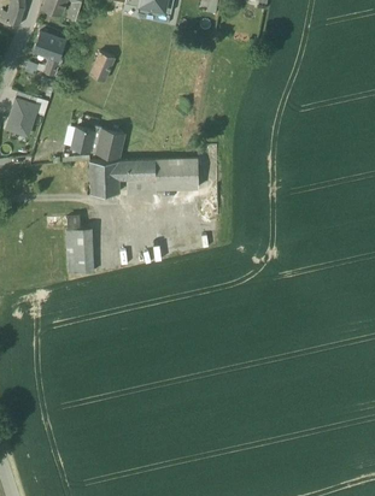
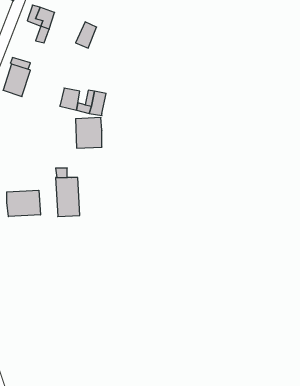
building: [117,159,198,195] -> none
building: none -> [7,190,40,217]

